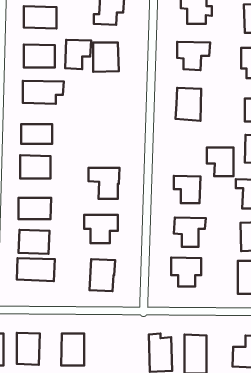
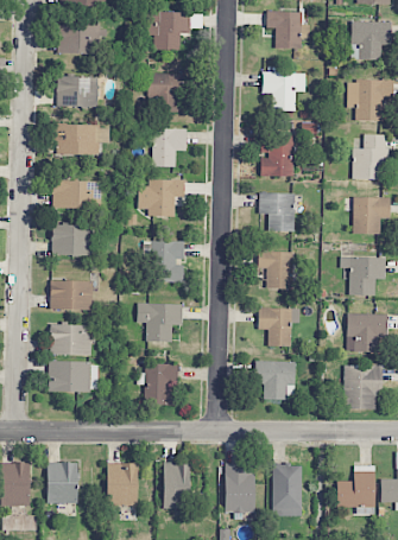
building: [65,40,91,69] -> [153,127,188,166]
building: none -> [138,178,185,216]
building: [207,148,234,176] -> [259,192,295,230]
building: none -> [163,460,190,507]

